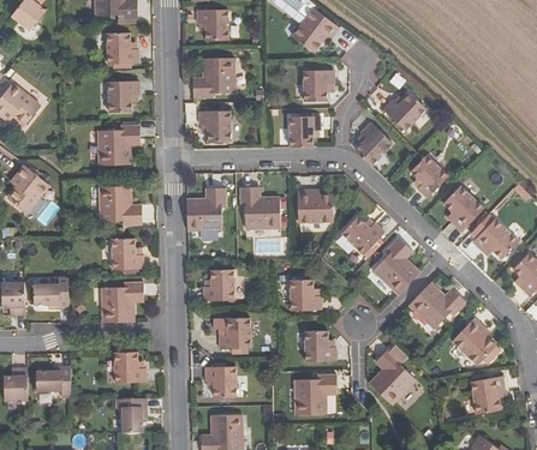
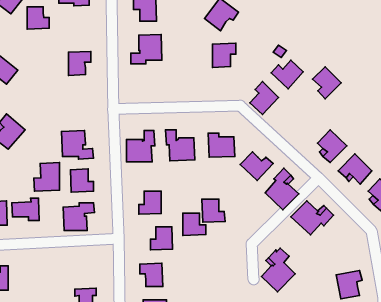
building: [107,32,137,62] -> [27,7,49,29]
building: [199,110,229,140] -> none
building: [288,114,320,146] -> none
building: [97,125,139,163] -> none
building: [410,152,448,196] -> [313,67,341,99]
building: none -> [34,163,59,191]
building: [453,317,497,364] -> none
building: [303,330,334,360] -> [183,213,206,235]
building: [114,350,144,383] -> none
building: [35,367,70,400] -> none
building: [293,373,334,412] -> none

